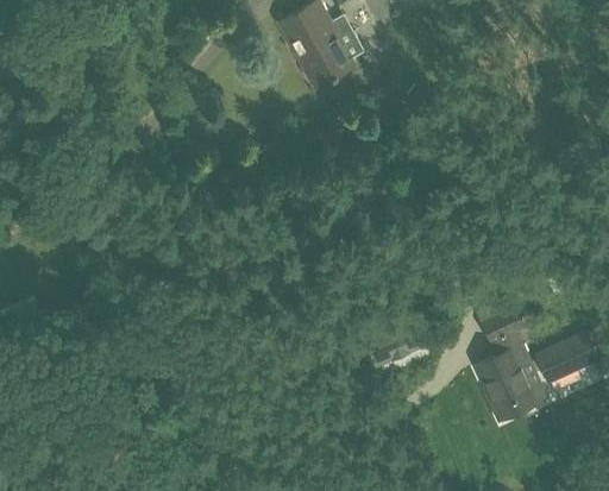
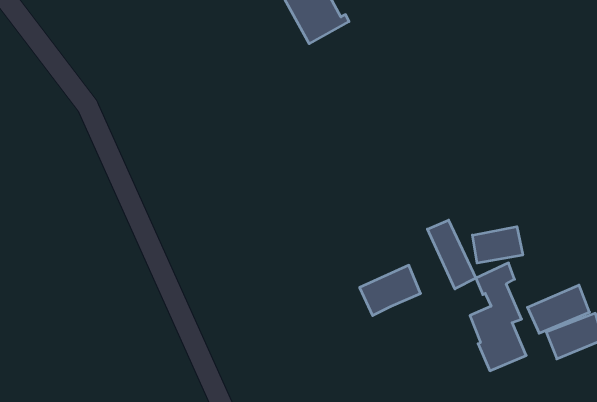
building: none -> [427,220,476,289]
building: none -> [472,227,523,263]

